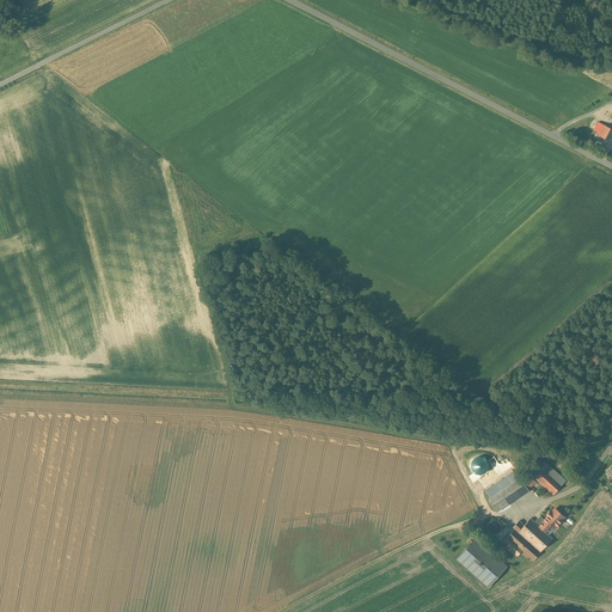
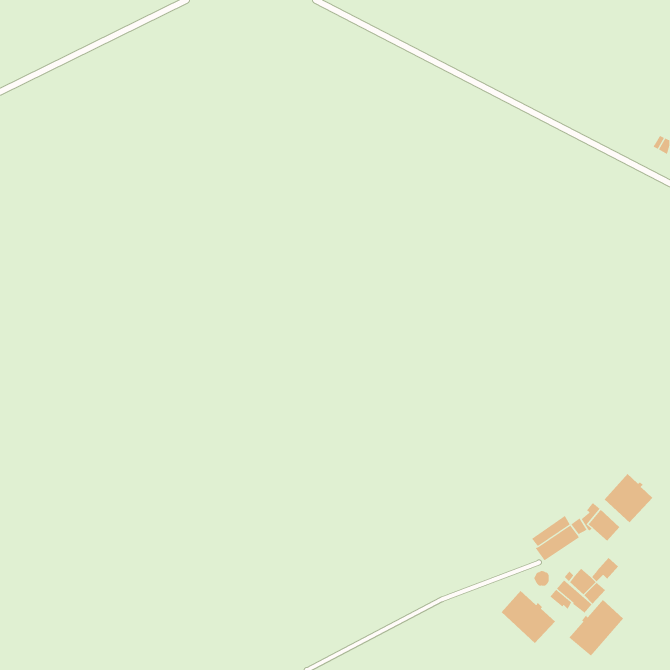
building: none -> [604,473,653,523]
building: none -> [569,599,624,657]

